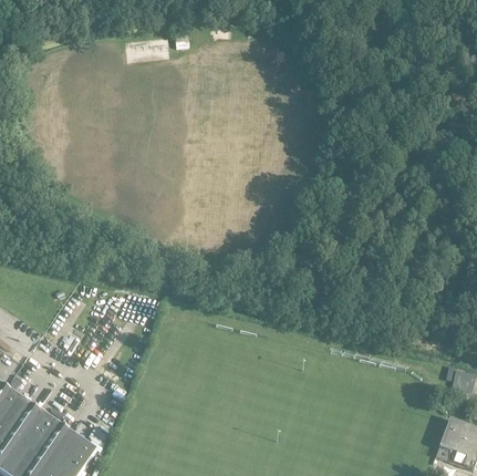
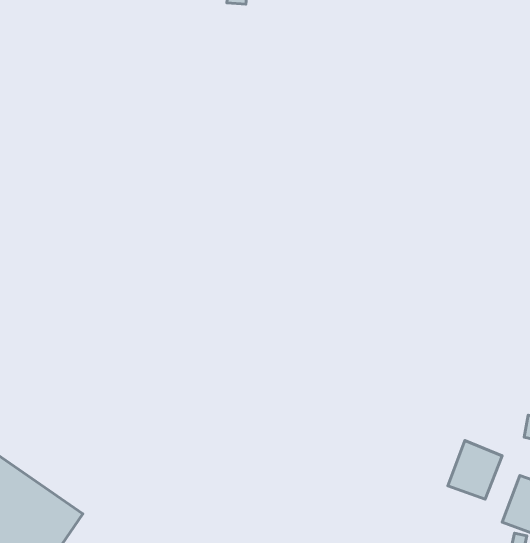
building: none -> [448,441,502,499]

